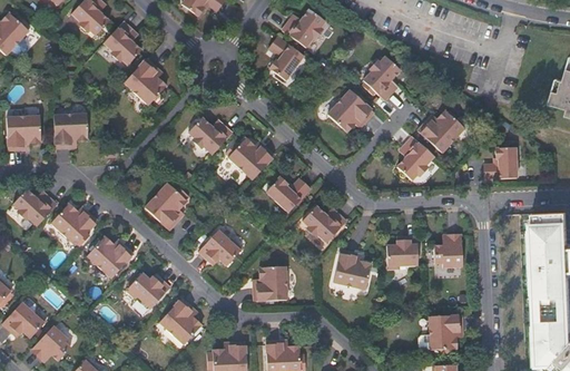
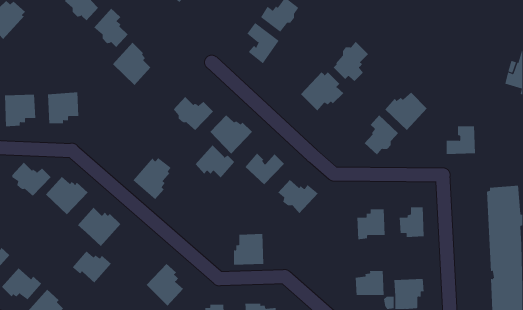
building: [198,228,242,265] -> [195,145,235,178]
building: [334,250,372,289] -> none
building: [127,272,170,307] -> [72,251,112,283]
building: none -> [355,270,384,296]

